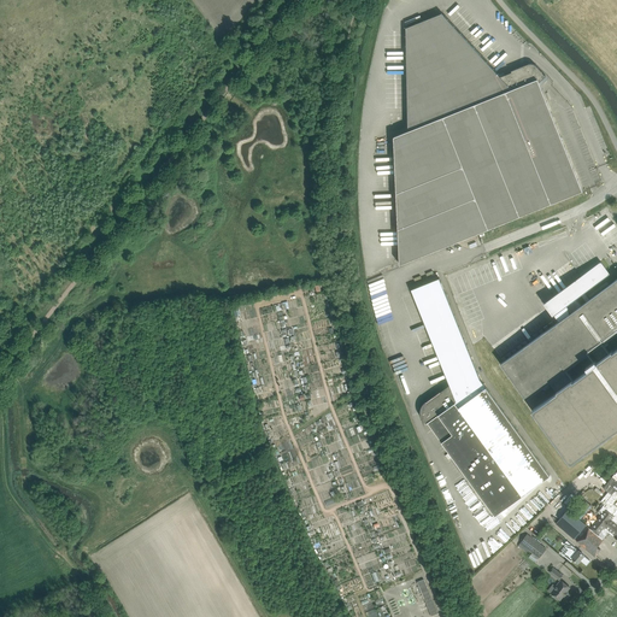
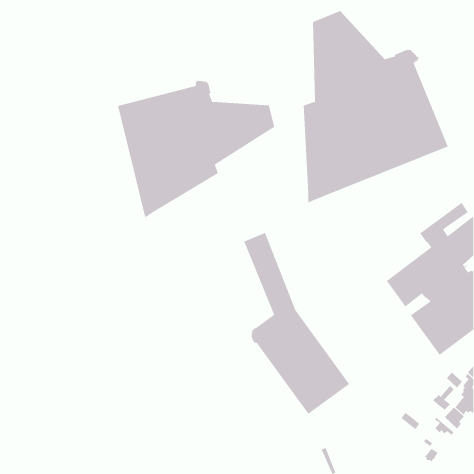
building: none -> [117,80,275,219]
building: [410,278,548,516] -> [243,232,350,415]

